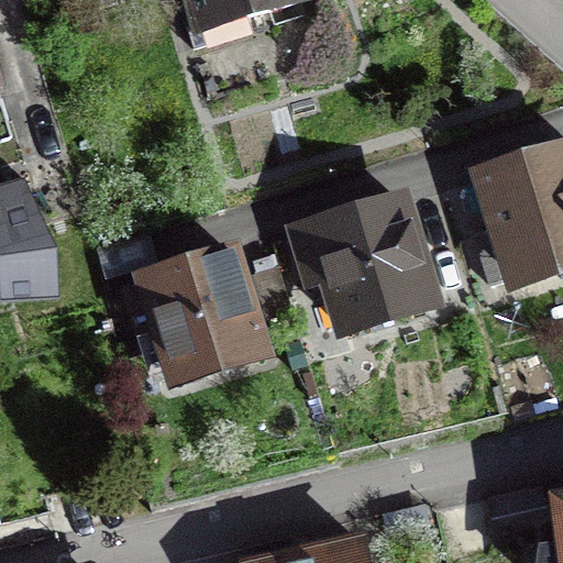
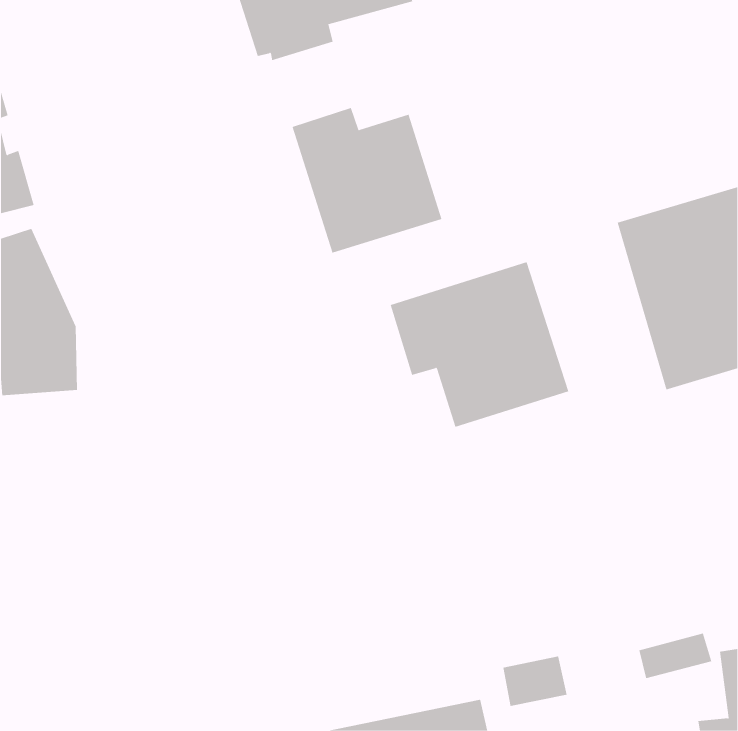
building: none -> [292,107,442,254]
building: [129,252,292,382] -> none

